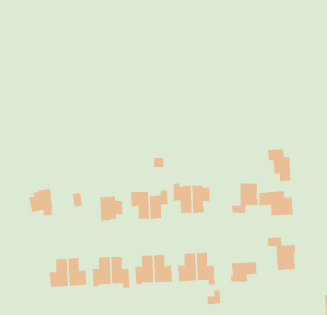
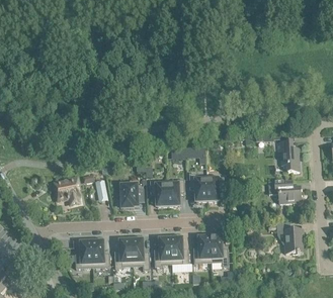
building: [232,182,258,214] -> none
building: [230,262,257,283] -> none

